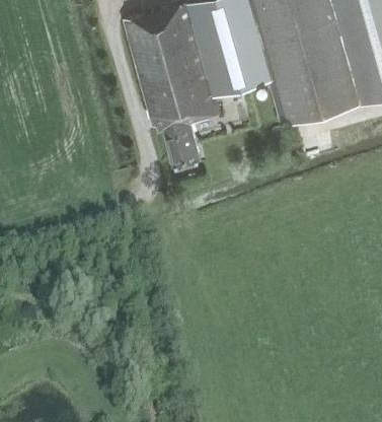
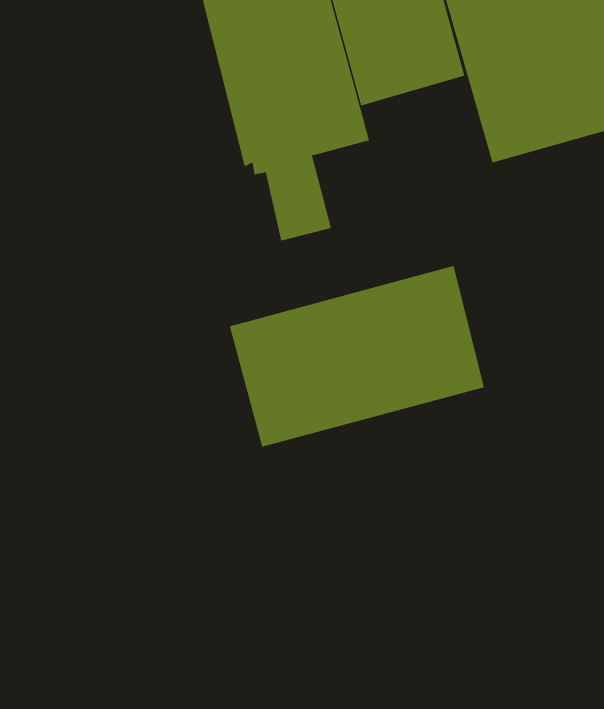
building: none -> [229,265,485,447]

